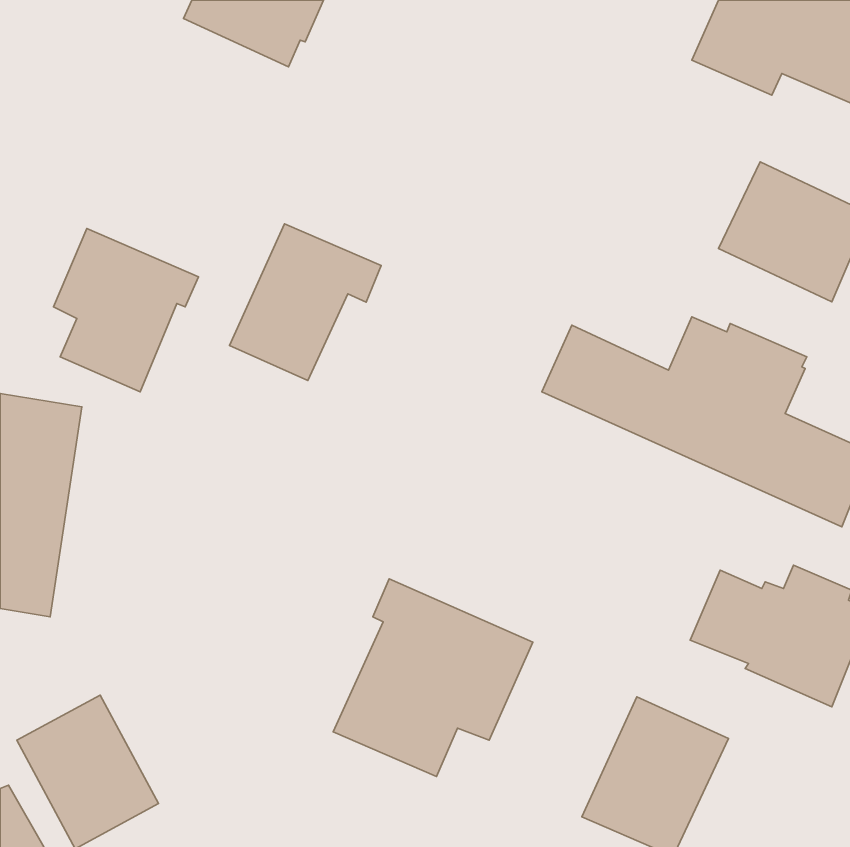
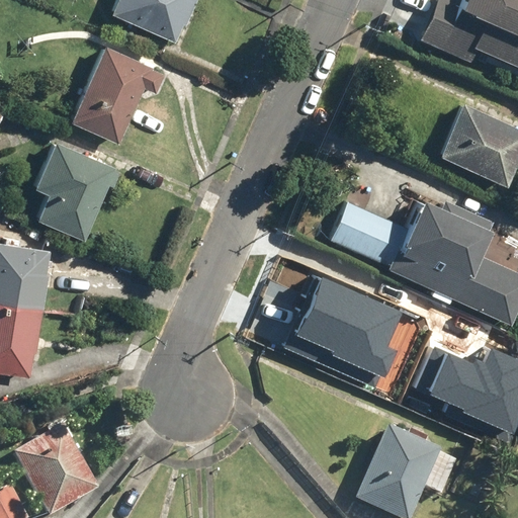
building: [230,224,381,381] -> [72,48,164,143]
building: none -> [286,273,395,375]
building: [333,579,533,777] -> none

